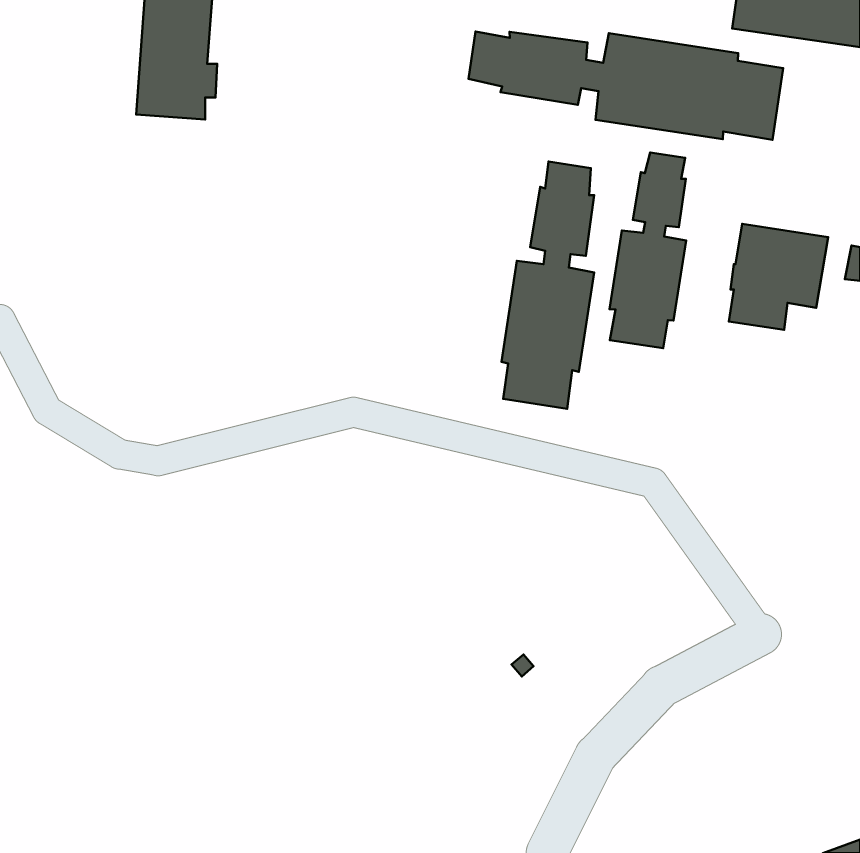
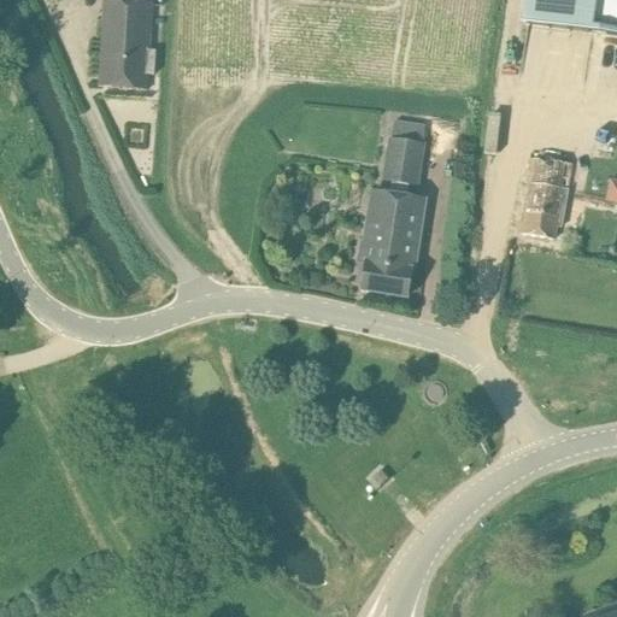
building: [469,32,783,140] -> none
building: [610,153,686,348] -> none

